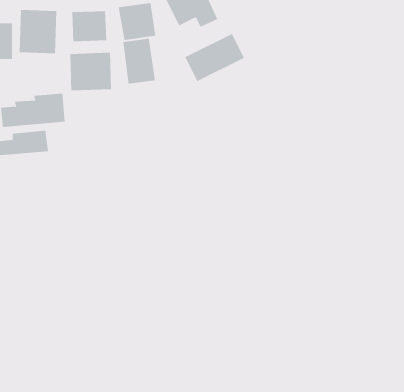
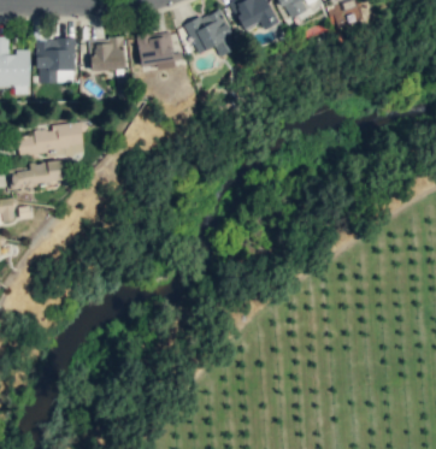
building: [184,33,245,82] -> none
building: [123,38,155,85] -> none
building: [70,52,112,91] -> none

